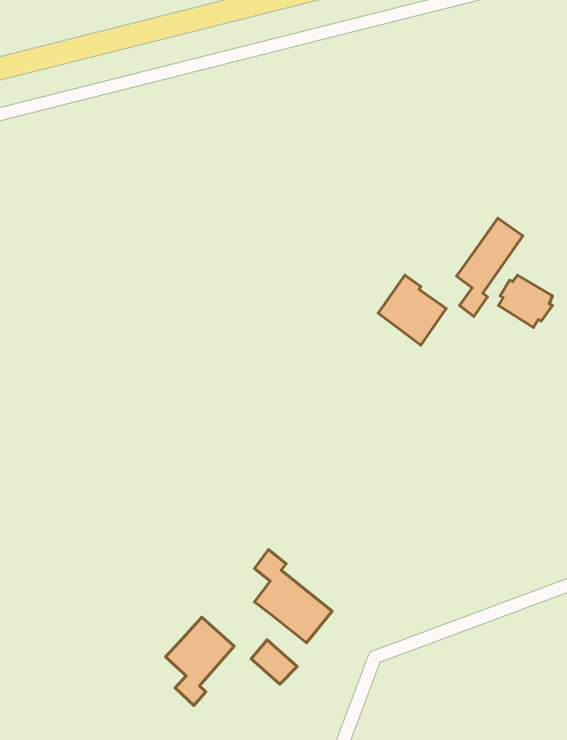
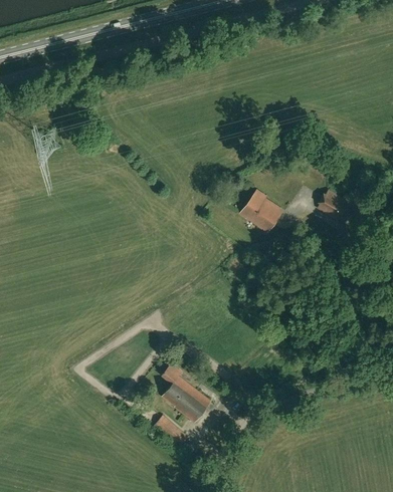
building: [456,218,523,317] -> none
building: [165,617,234,705] -> none

